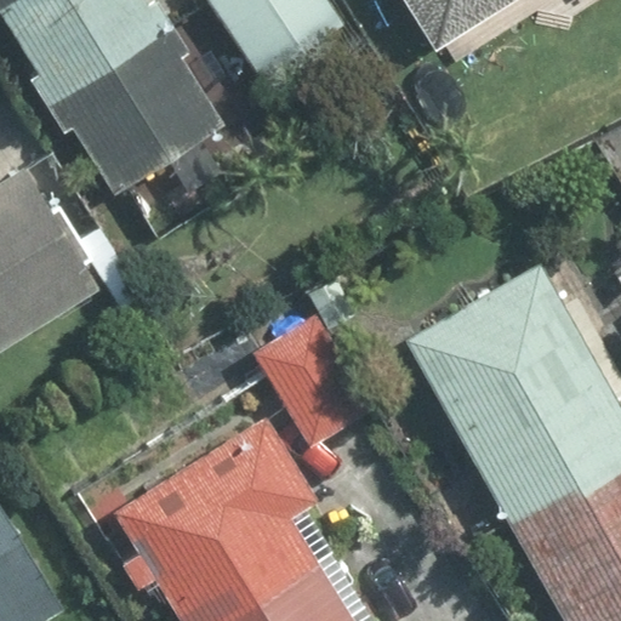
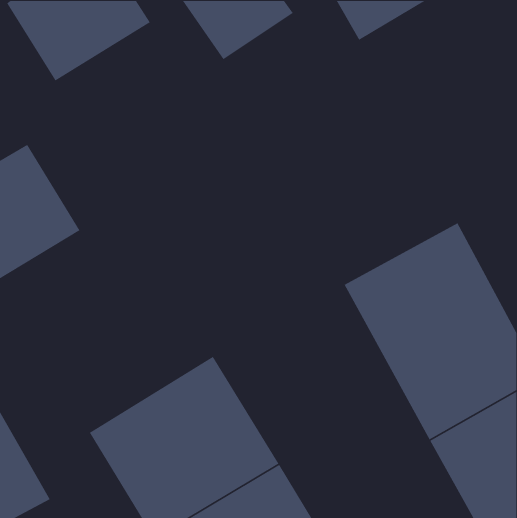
building: [65,30,229,180] -> none
building: [251,301,372,438] -> none

